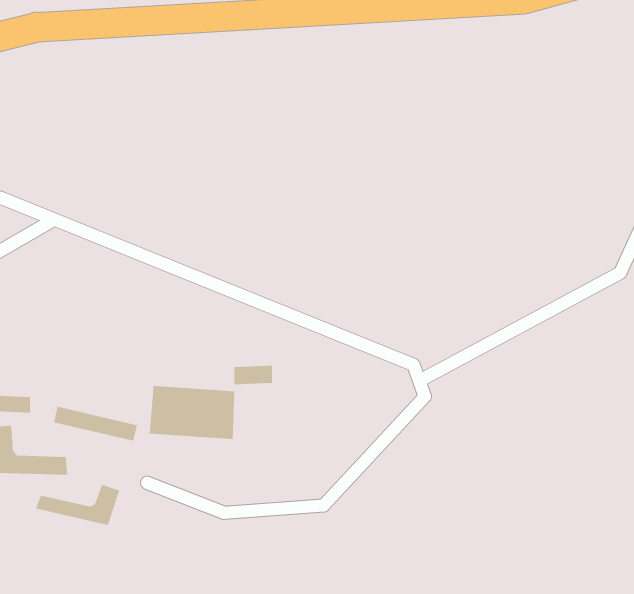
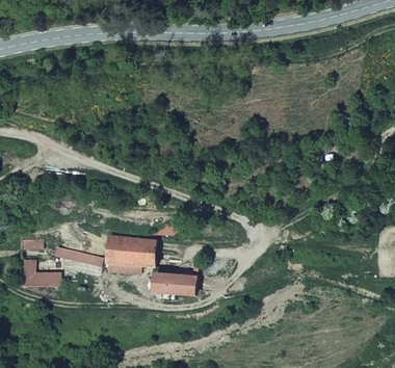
building: none -> [154,273,198,295]
building: [35,484,120,526] -> none

